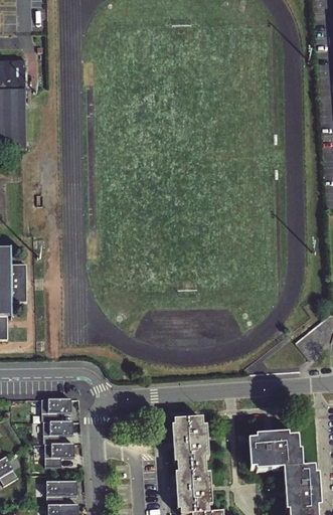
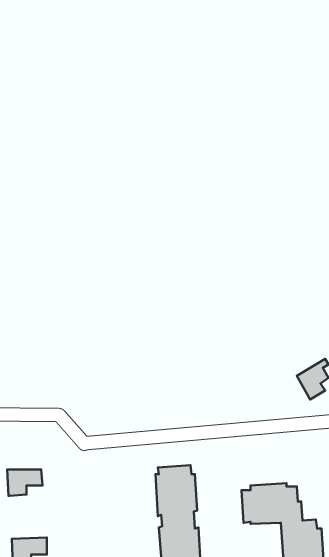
building: [39,397,69,420] -> none
building: [42,443,72,466] -> none

